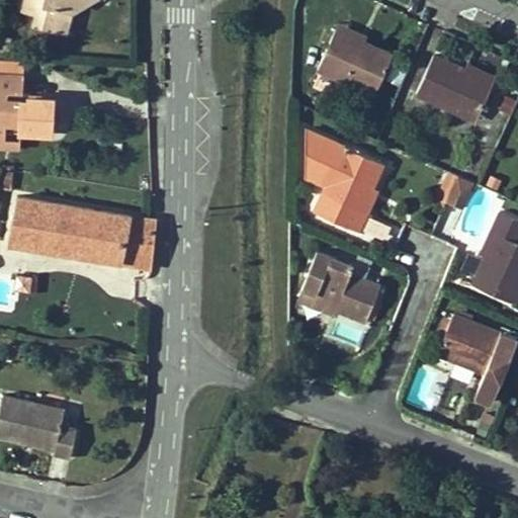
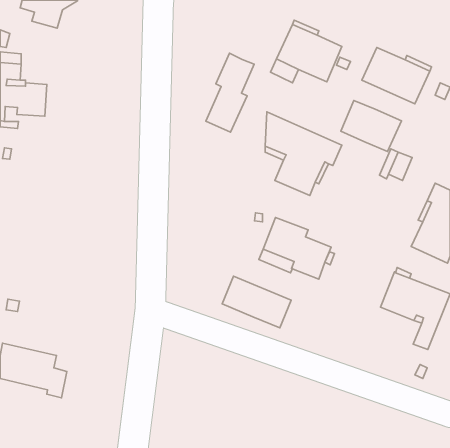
building: none -> [206,53,254,132]
building: none -> [341,100,402,152]
building: [9,197,157,269] -> none
building: none -> [222,276,291,328]

